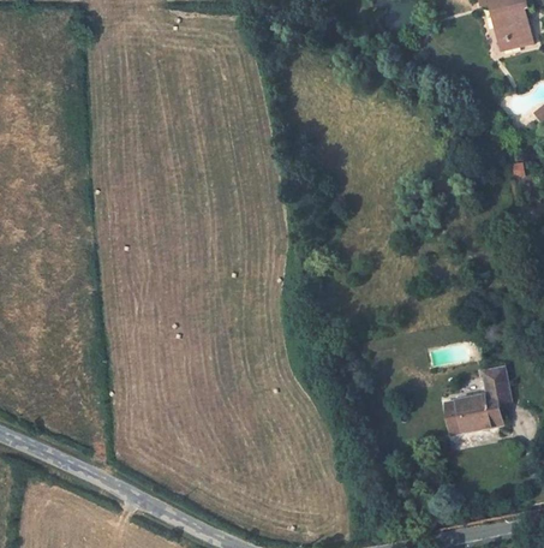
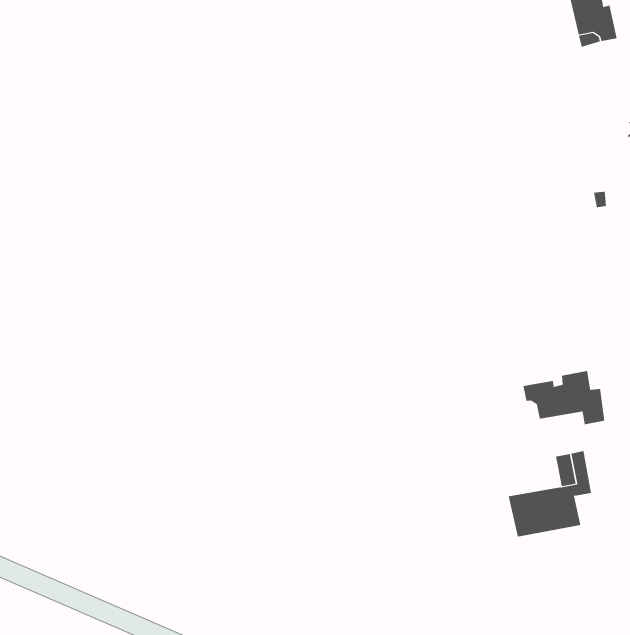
building: none -> [523,370,605,425]

